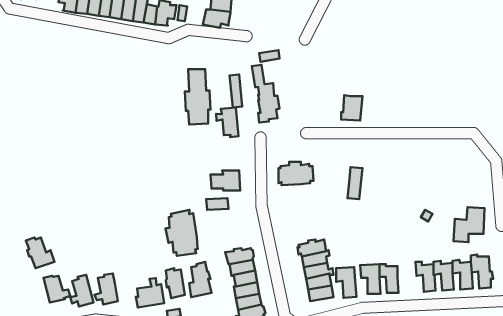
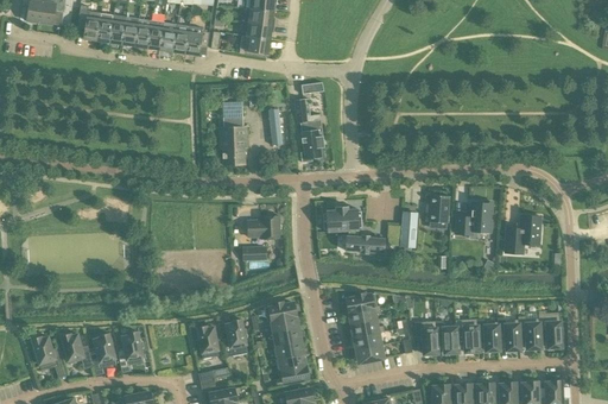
building: [341,95,362,121] -> [426,194,450,222]
building: [216,107,239,137] -> none
building: none -> [456,201,493,234]
building: none -> [344,229,385,253]
building: [454,207,484,242] -> [506,214,540,253]
building: [166,210,198,256] -> none
building: [26,237,55,268] -> [31,335,63,370]
building: [336,267,356,298] -> [456,317,479,352]
building: [136,278,164,308] -> none

